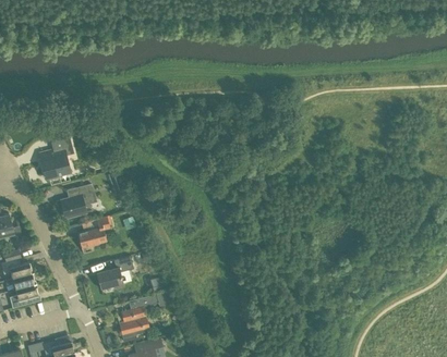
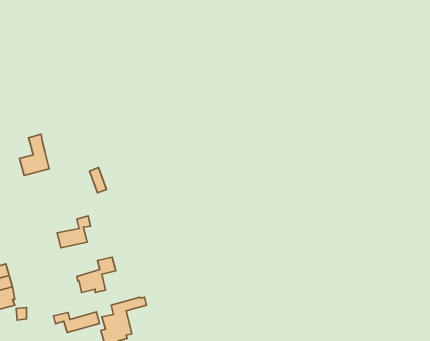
building: [60,184,95,219] -> none
building: none -> [53,312,100,333]

